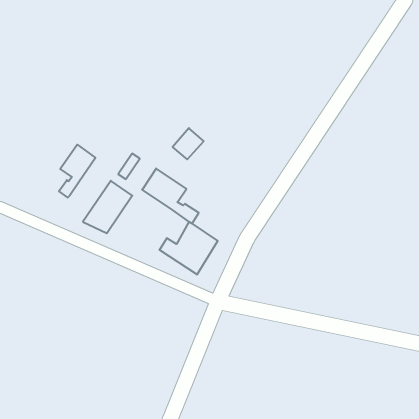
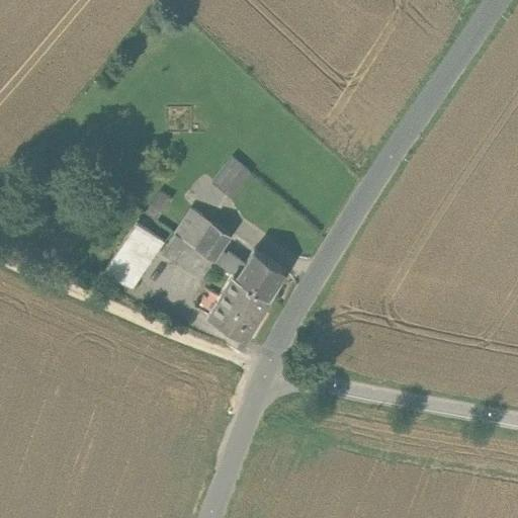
building: [59,145,95,198] -> none
building: none -> [162,235,213,280]
building: none -> [238,250,285,297]

